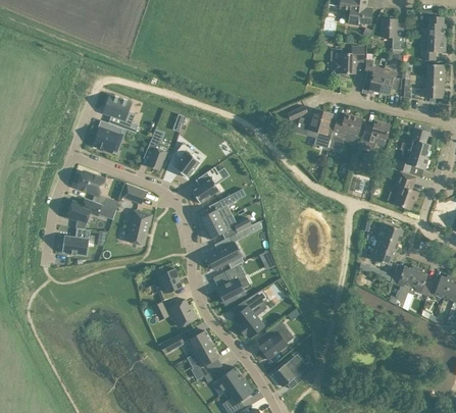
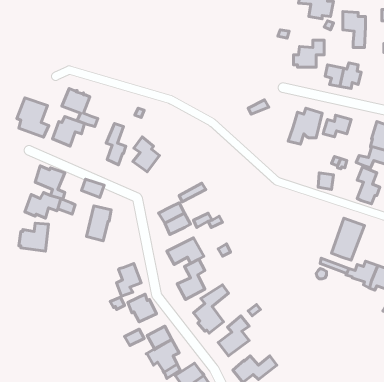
building: none -> [17,98,49,137]
building: [309,109,332,136] -> none
building: [192,166,222,203] -> none

